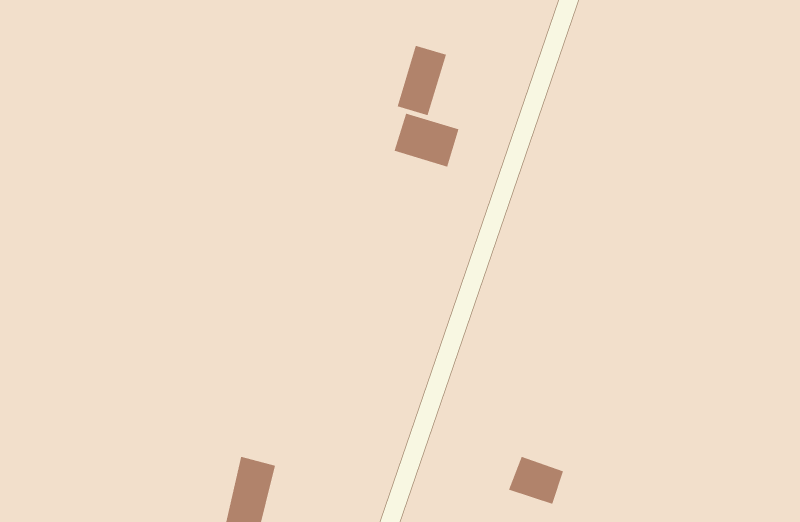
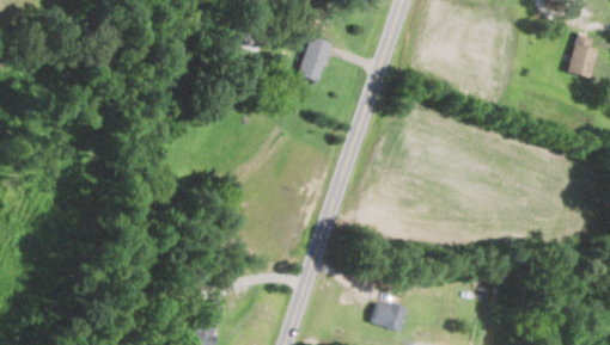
building: [394,113,459,167] -> none

